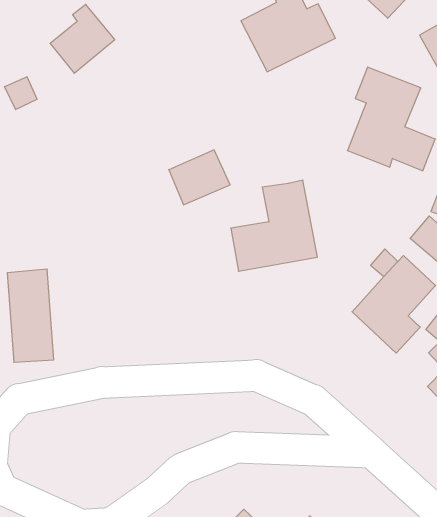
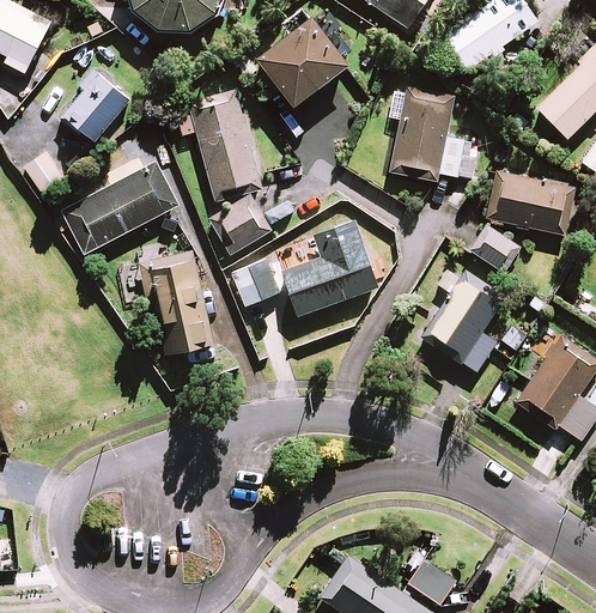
building: none -> [176,87,264,202]
building: none -> [62,164,176,254]
building: none -> [232,260,281,306]
building: [7,269,54,362] -> [150,250,213,352]

